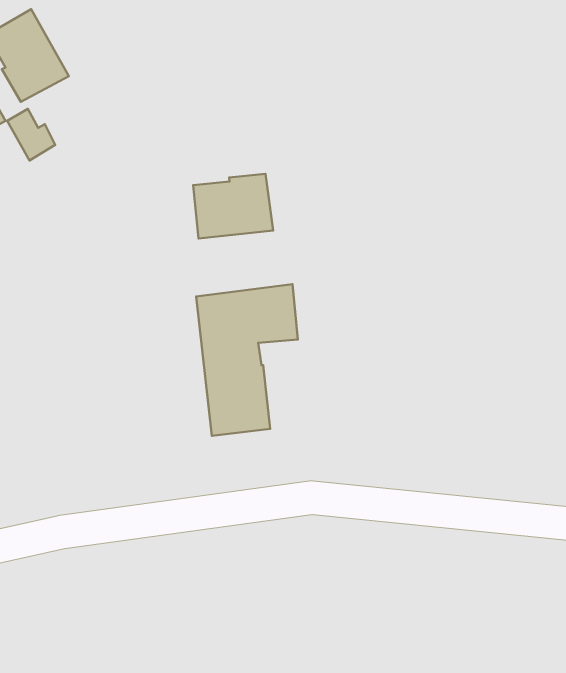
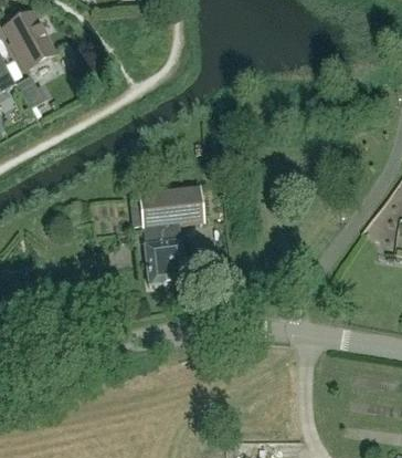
building: [193,174,273,239] -> none

